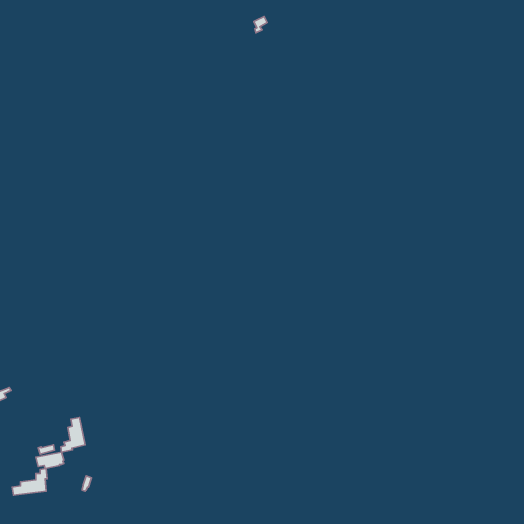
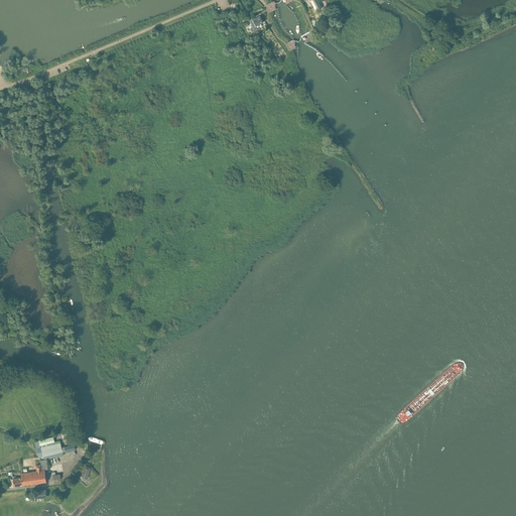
building: [61,417,85,452] -> none

